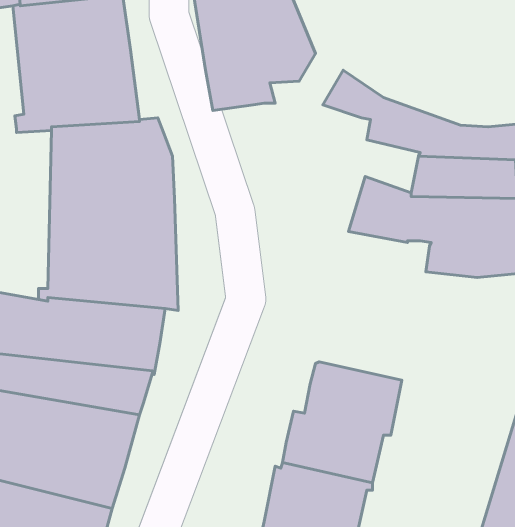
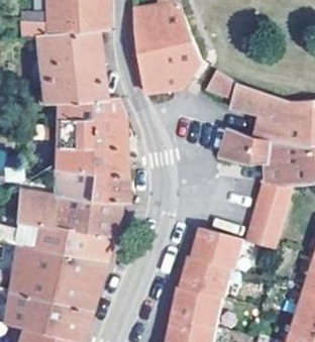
building: none -> [249,181,291,245]

